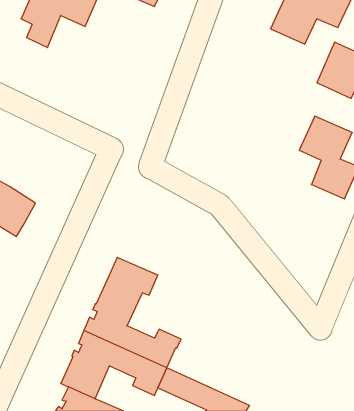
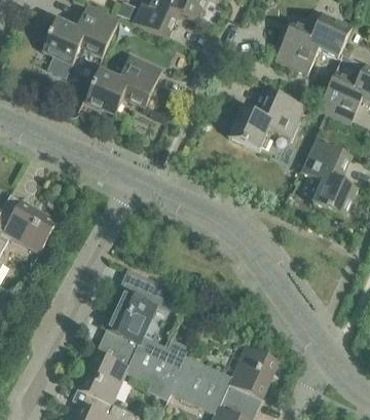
building: none -> [84,55,161,114]
building: none -> [227,89,304,151]
building: none -> [178,346,278,410]

